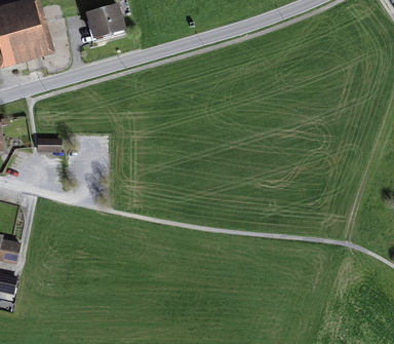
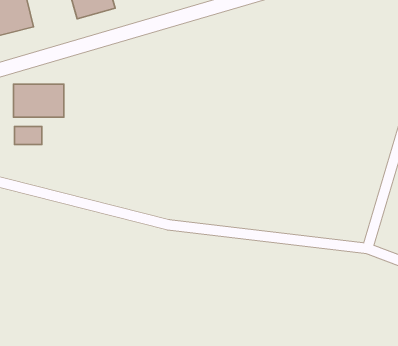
building: none -> [14,84,64,117]

